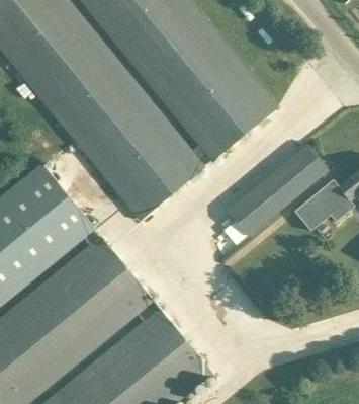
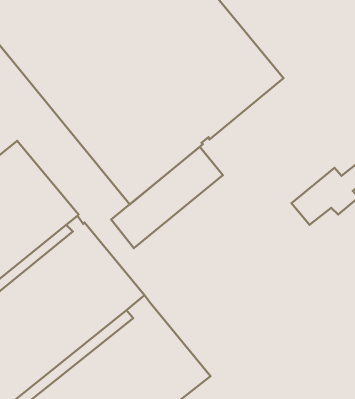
building: [227,146,326,236] -> [111,147,223,248]

